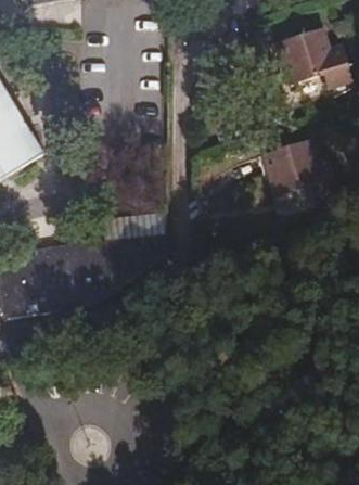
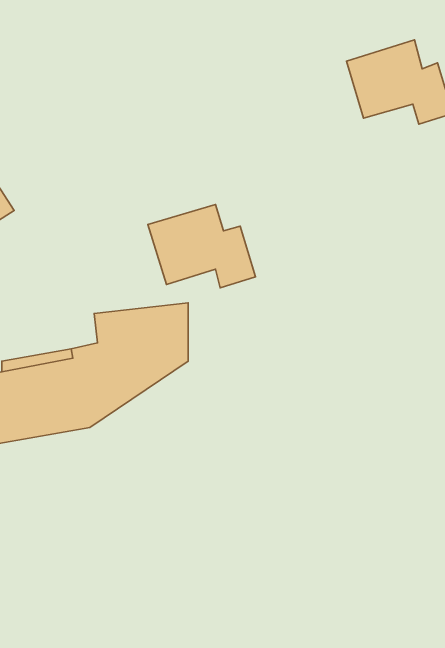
building: [259,142,335,201] -> [148,205,256,288]

